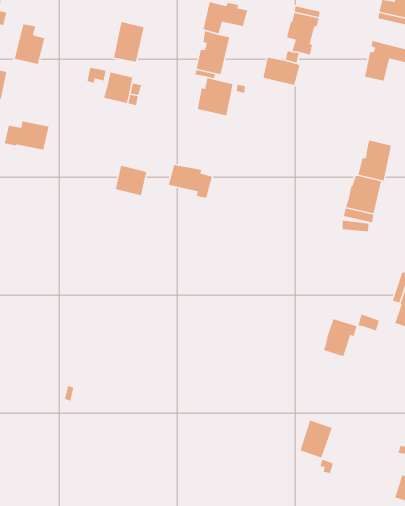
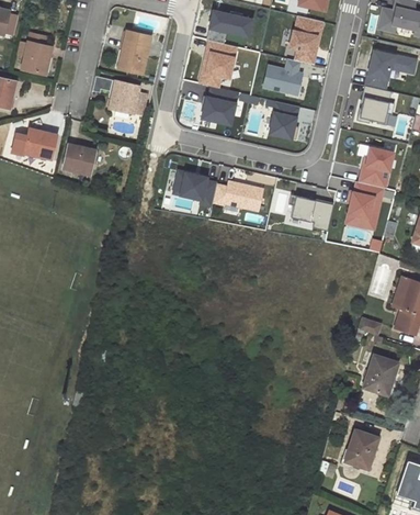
building: none -> [356,86,394,123]
building: none -> [269,101,298,139]
building: [115,165,147,196] -> [63,144,94,175]
building: none -> [212,181,262,211]
building: none -> [287,194,332,232]
building: [323,318,357,357] -> [364,355,398,393]
building: [299,420,333,459] -> [345,429,378,468]

